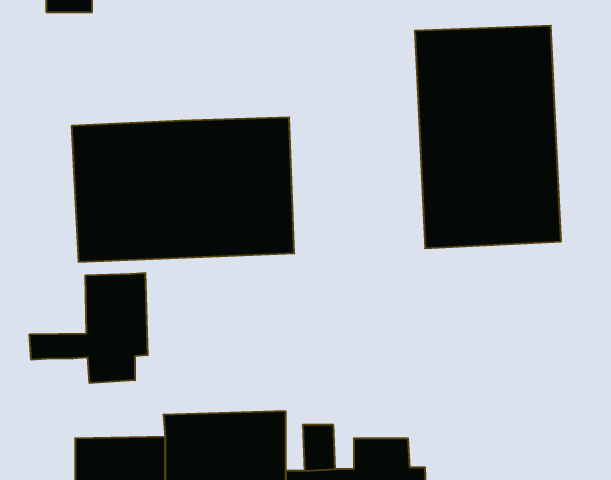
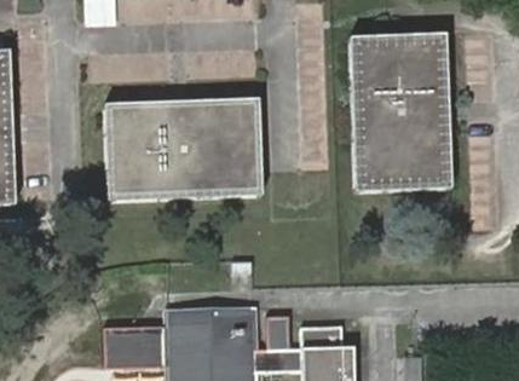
building: [30,273,148,383] -> none

